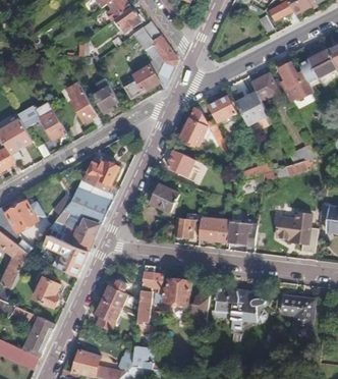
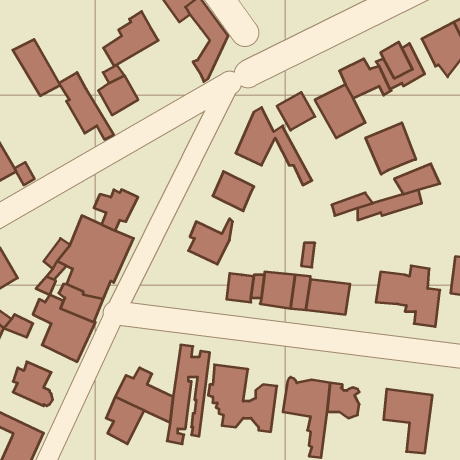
building: [121,64,158,101] -> [103,11,158,66]
building: [32,102,63,140] -> [13,39,60,96]
building: none -> [366,123,416,174]

